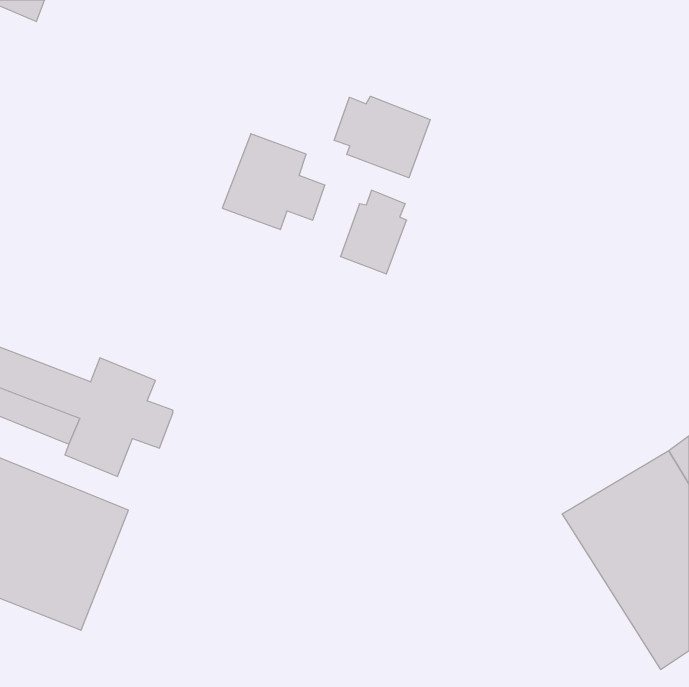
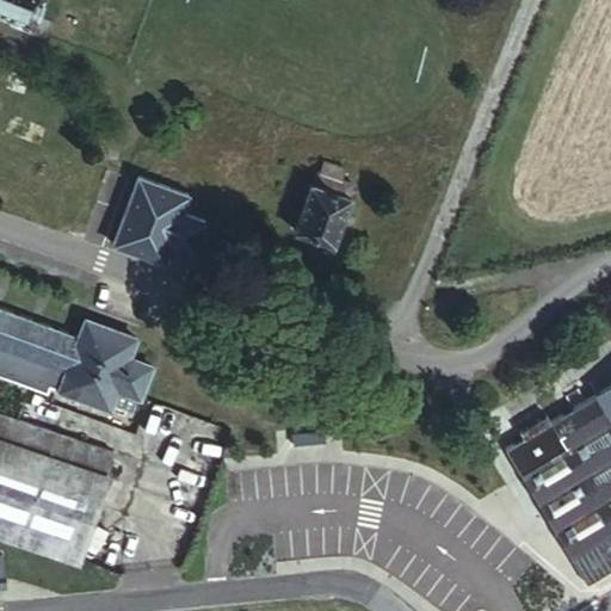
building: [334,96,430,178] -> none
building: [222,134,325,230] -> [116,178,206,263]

